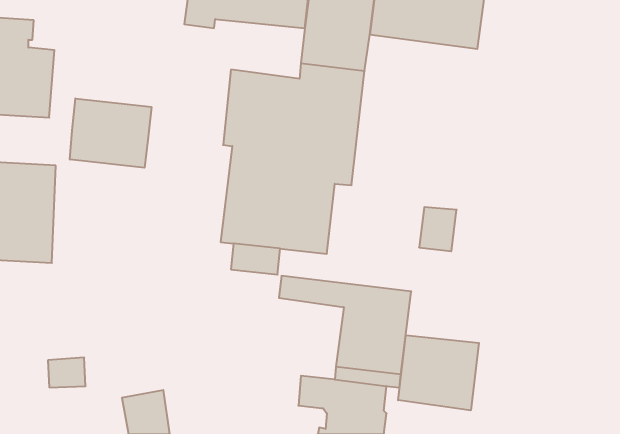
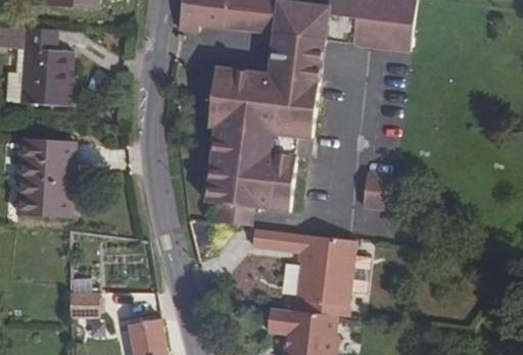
building: [70,98,151,168] -> none
building: [398,335,479,410] -> none

